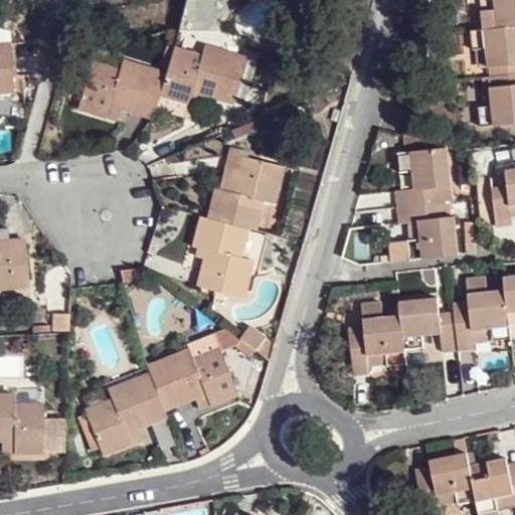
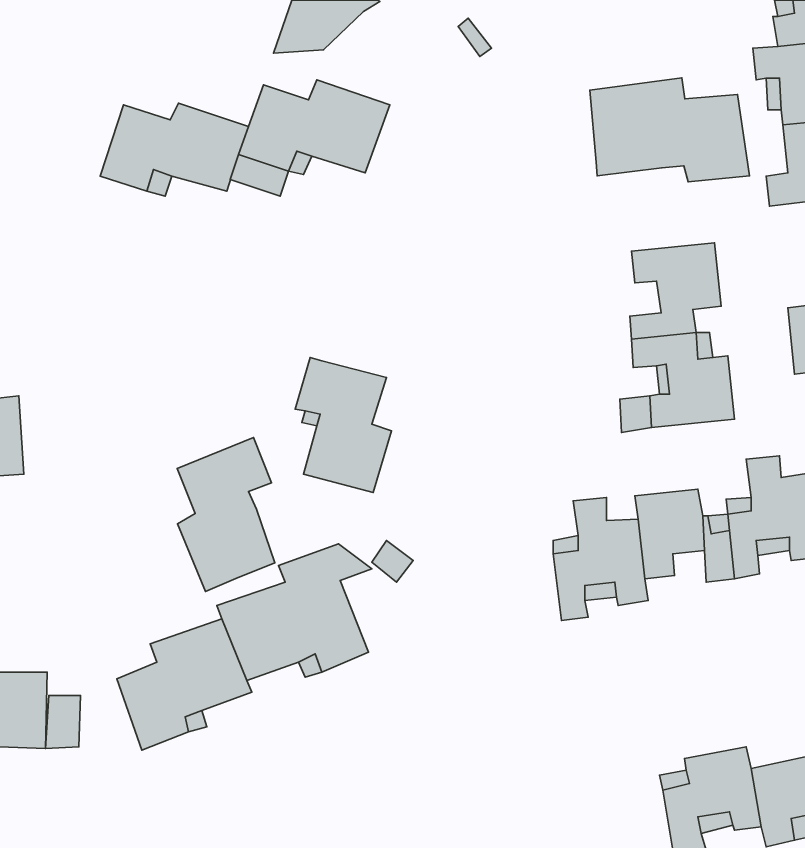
building: none -> [590,78,749,182]
building: [210,150,286,231] -> none
building: none -> [177,438,275,591]

